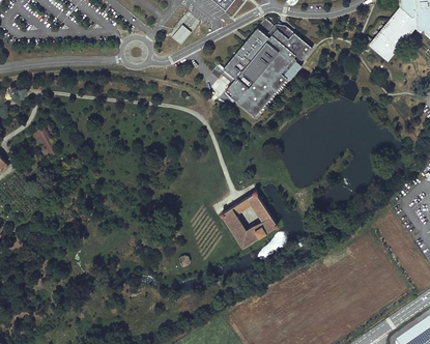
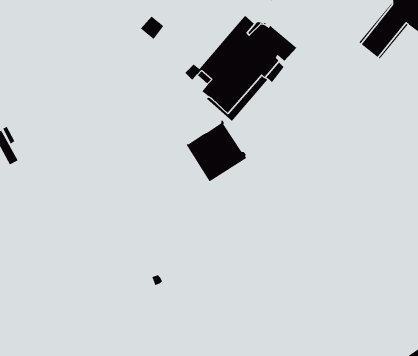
building: [221,190,277,247] -> [185,120,247,182]

